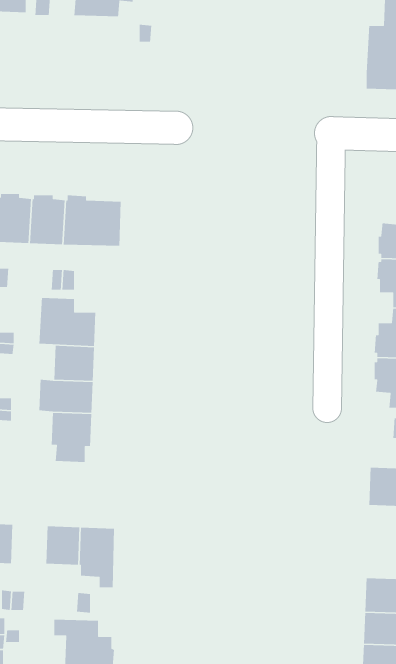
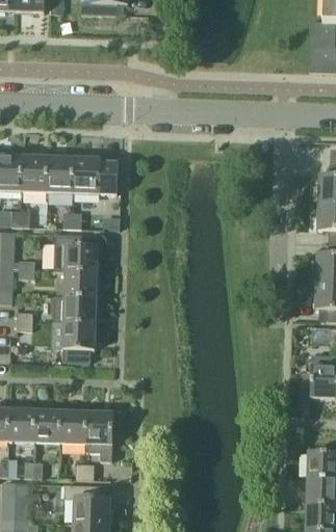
building: none -> [32,409,59,441]

